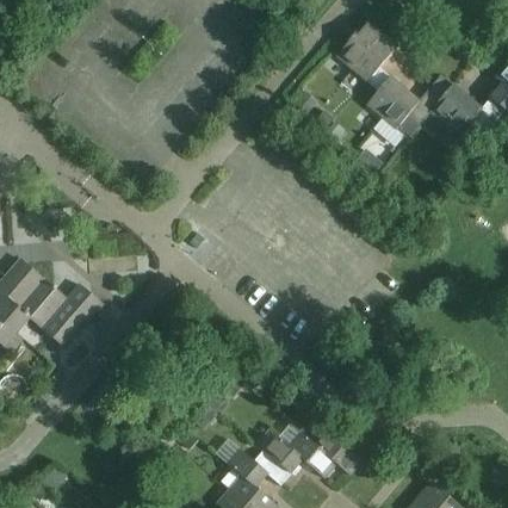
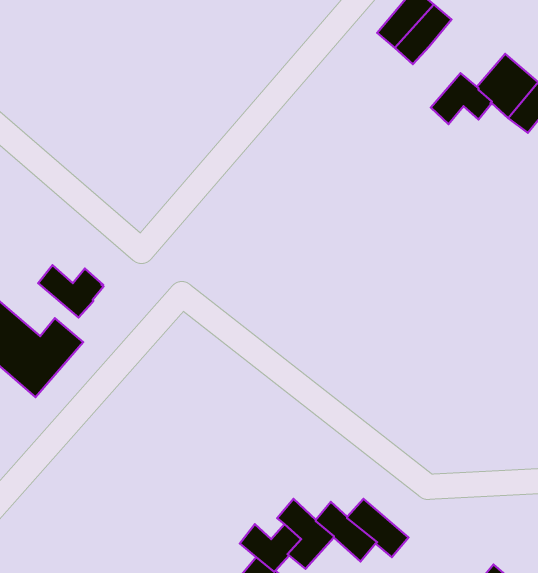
building: [367,66,405,114] -> none
building: none -> [38,265,104,317]

